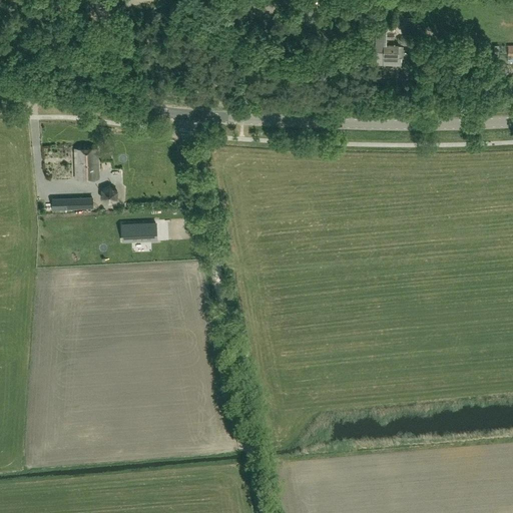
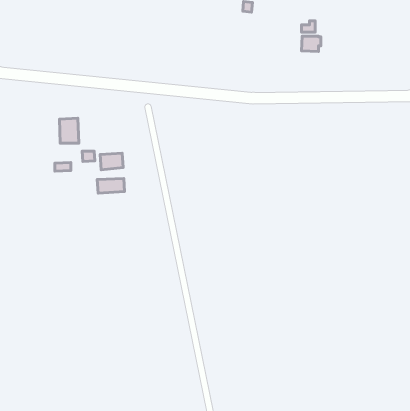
building: none -> [100,153,123,170]

